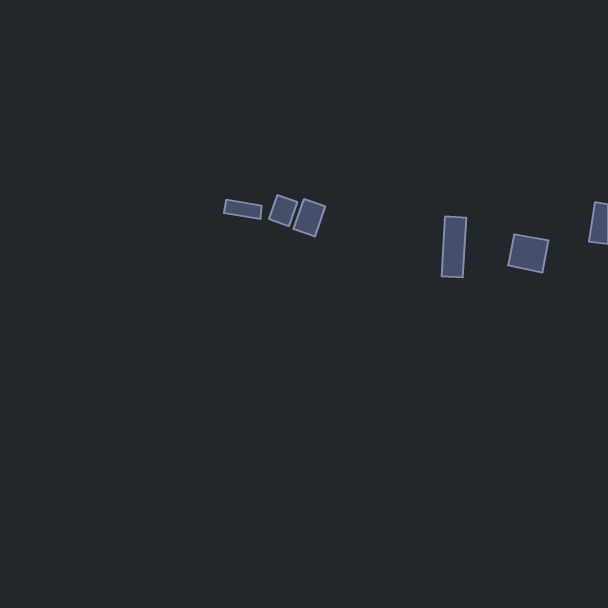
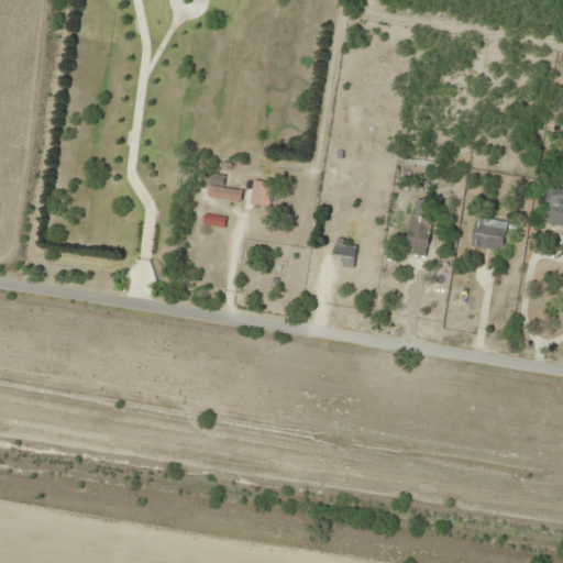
building: [294,199,325,237] -> none
building: none -> [334,242,355,265]

